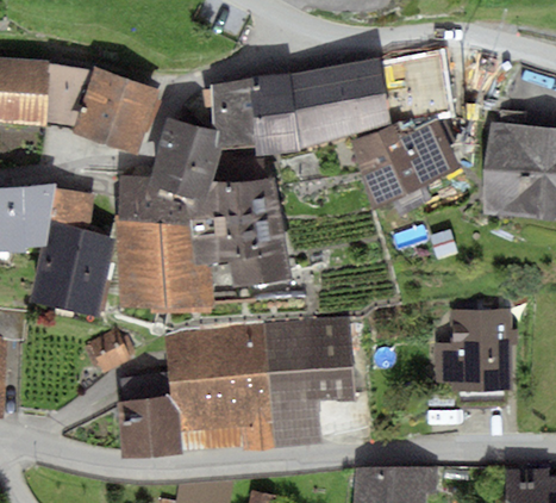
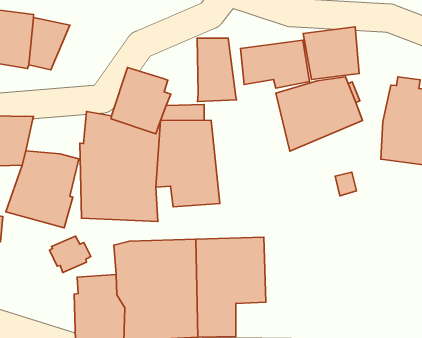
building: [289,58,381,147] -> none
building: [73,67,161,154] -> none
building: [205,77,256,148] -> none
building: [49,190,94,229] -> none
building: [436,310,511,390] -> none

